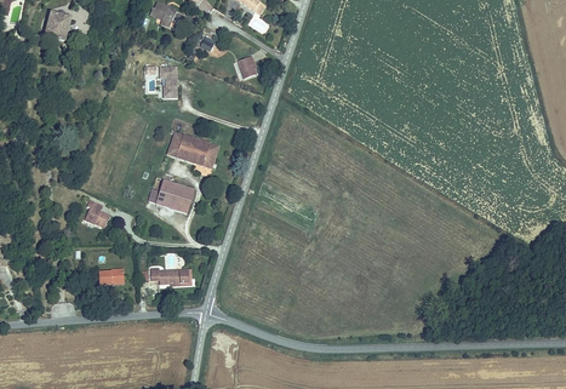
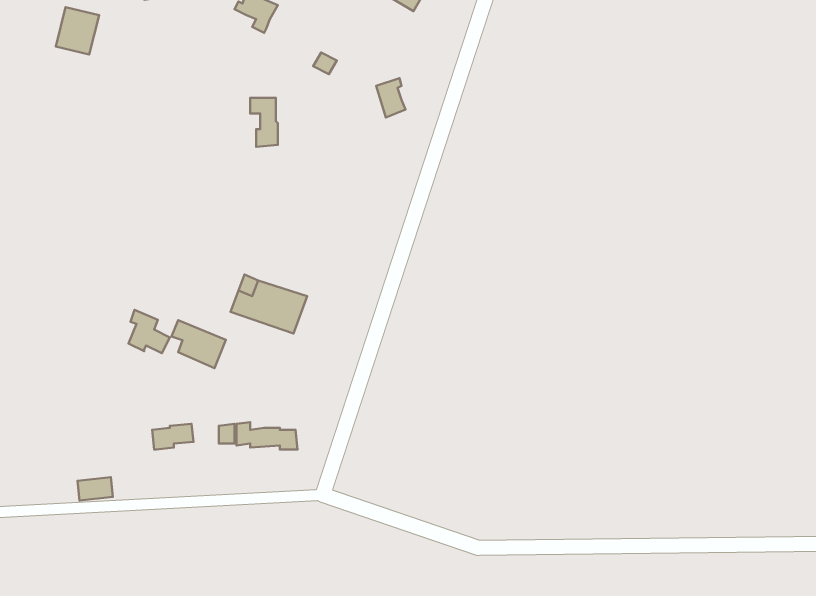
building: [168,132,218,168] -> none
building: none -> [172,320,226,368]

